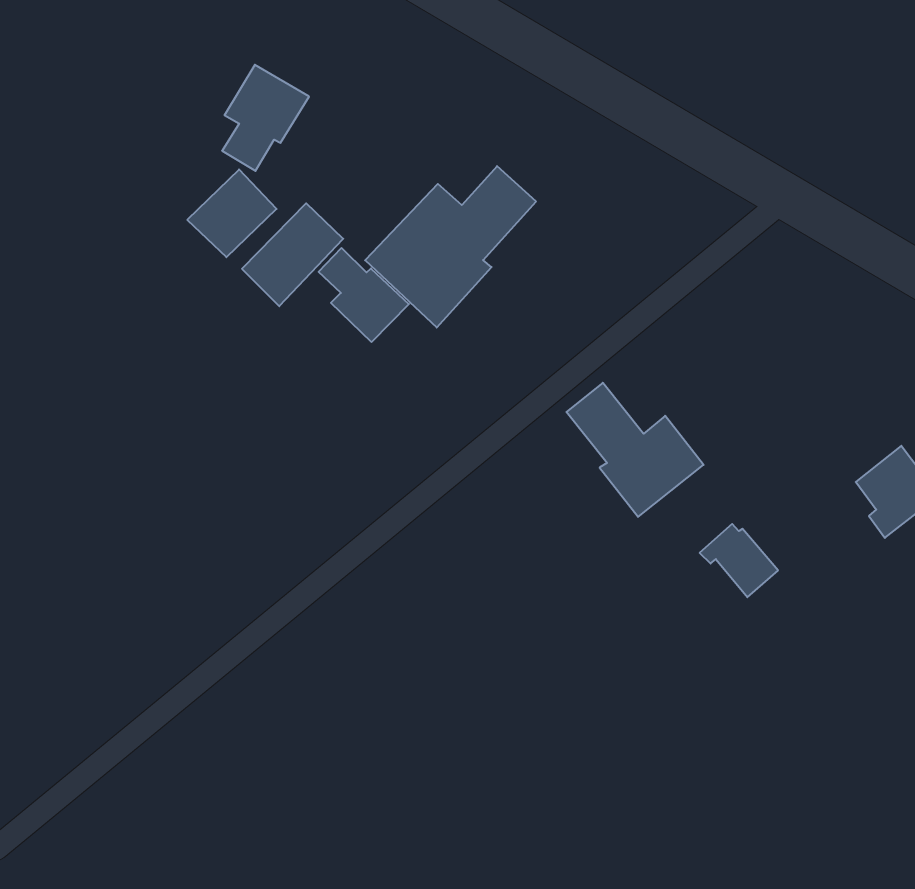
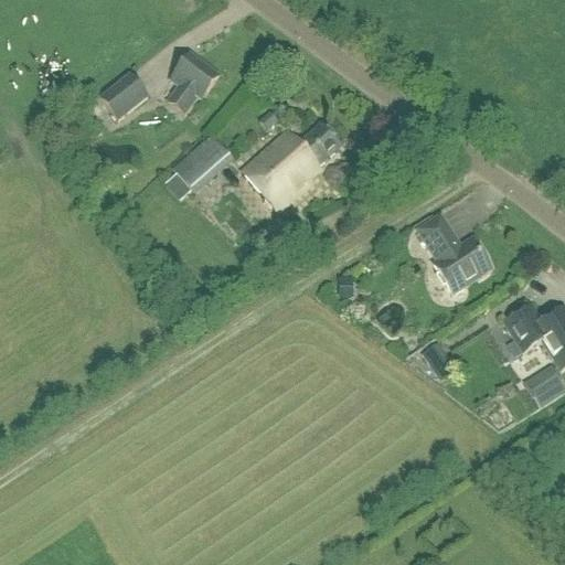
building: [187,169,277,257] -> [97,70,148,118]
building: [319,248,409,342] -> none
building: [566,383,704,517] -> [417,214,491,291]

